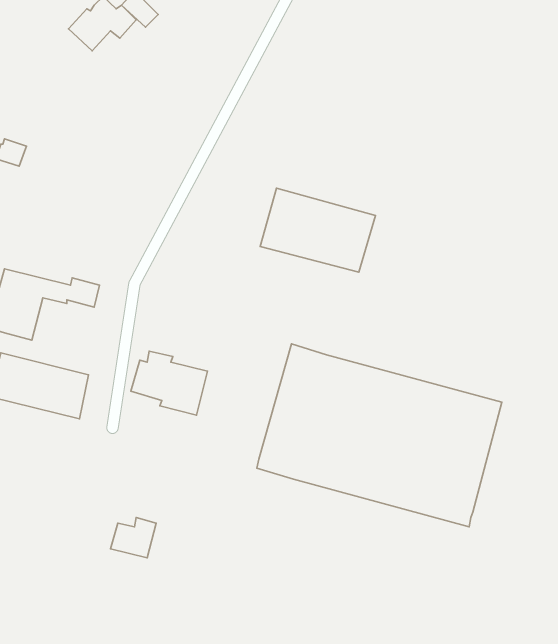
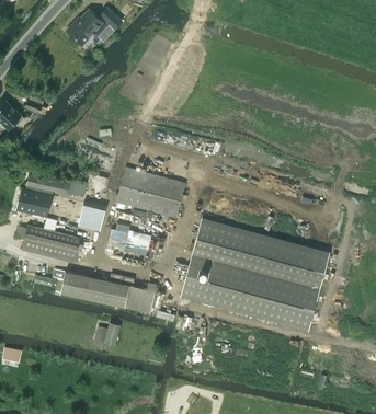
building: [260,188,375,272] -> [116,168,185,218]
building: none -> [78,202,106,232]
building: none -> [53,269,156,313]

